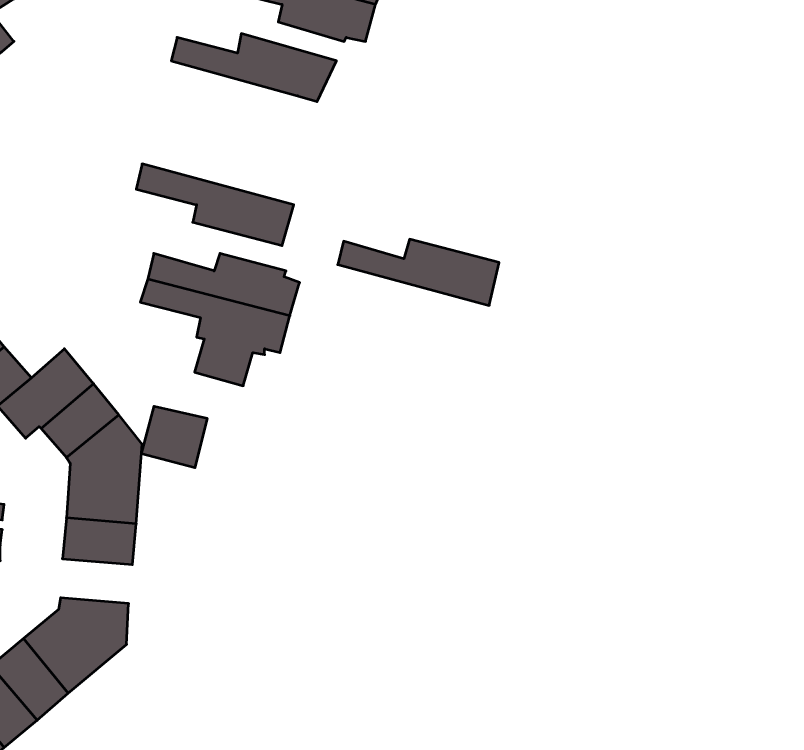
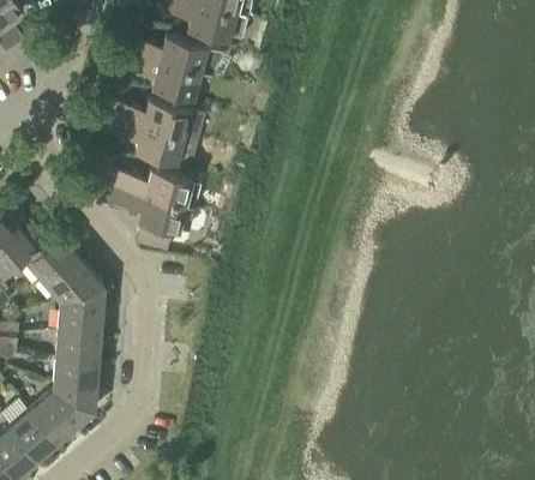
building: none -> [119,52,200,98]
building: [338,239,499,305] -> [104,100,204,140]
building: [141,406,207,468] -> none
building: none -> [54,359,98,386]

